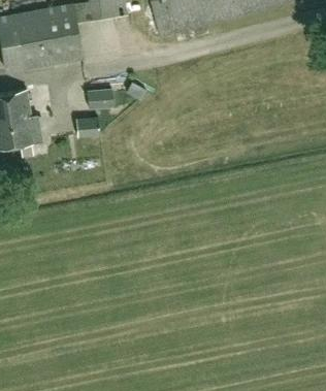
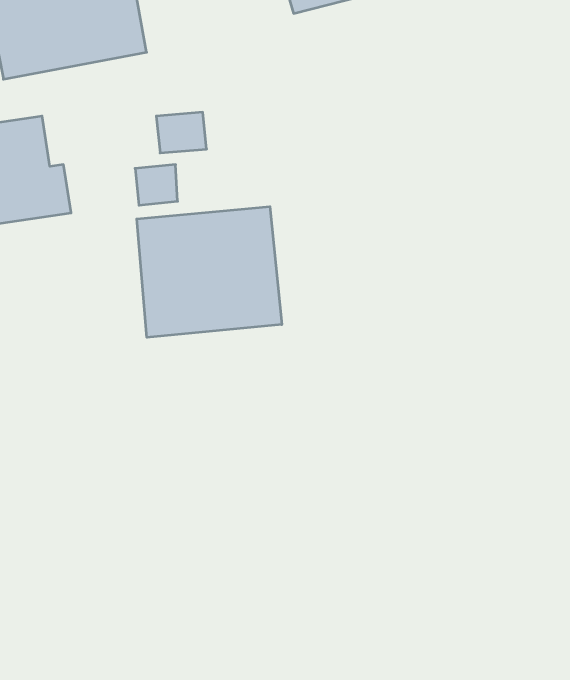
building: none -> [137,207,282,337]

